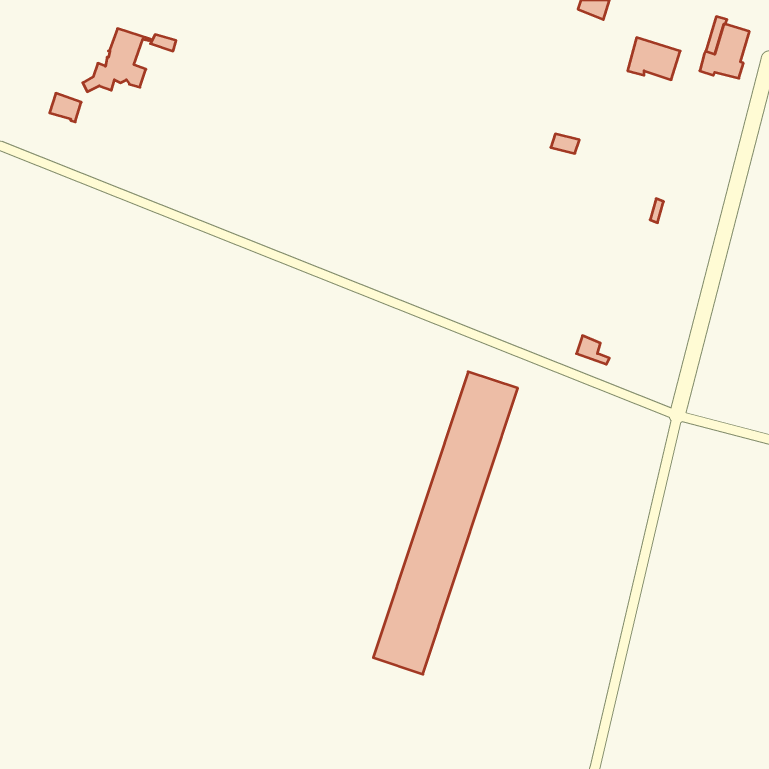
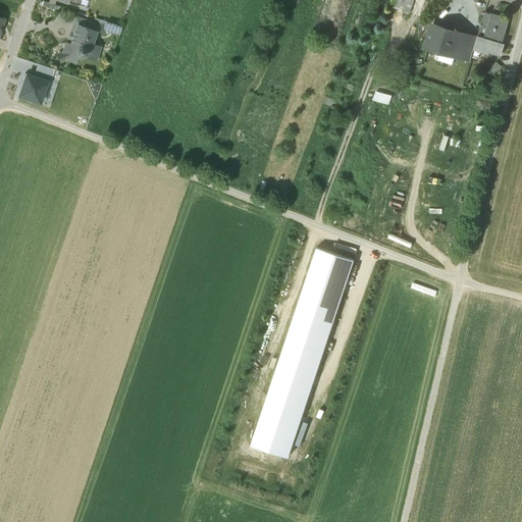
building: none -> [455,33,477,59]
building: none -> [18,73,48,104]

